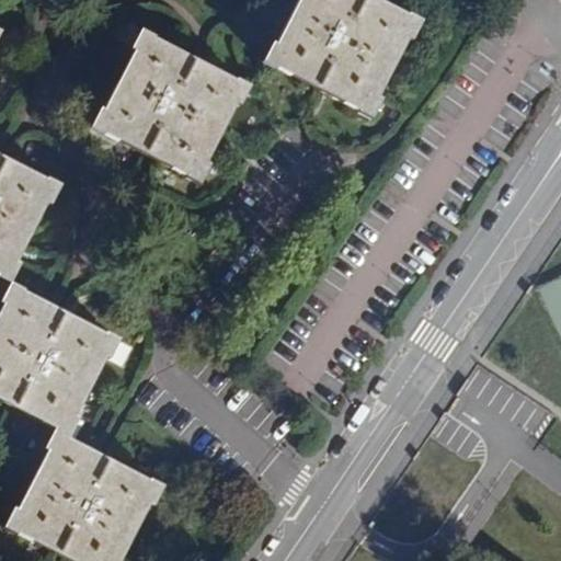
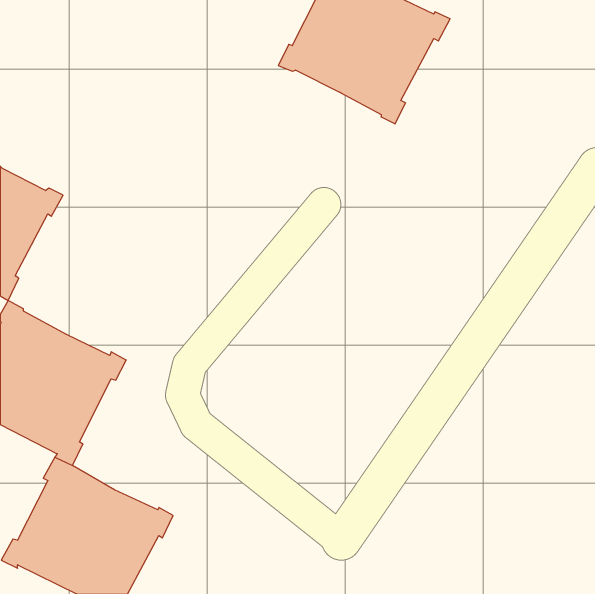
building: [91,28,251,182] -> none

